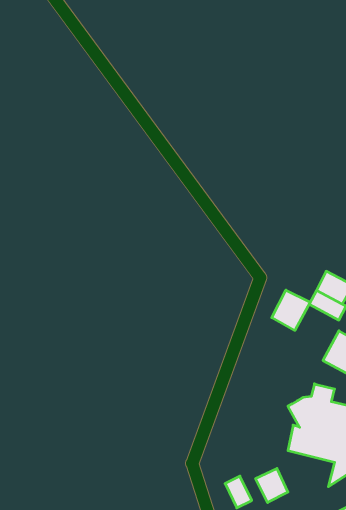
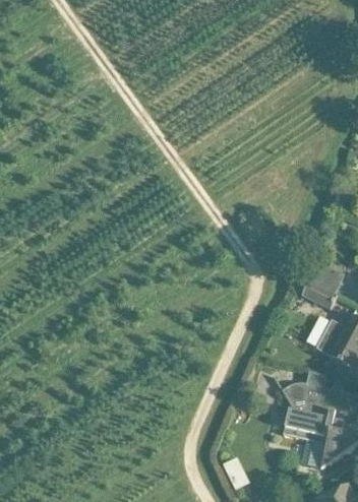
building: [272,290,310,330] -> none
building: [256,468,288,503] -> none

